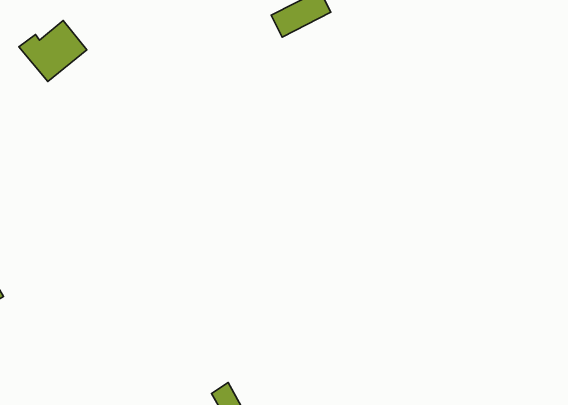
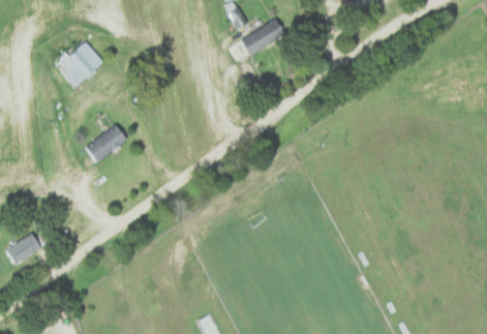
building: none -> [86,124,127,163]

